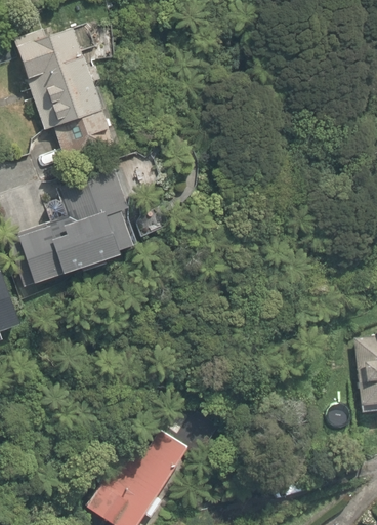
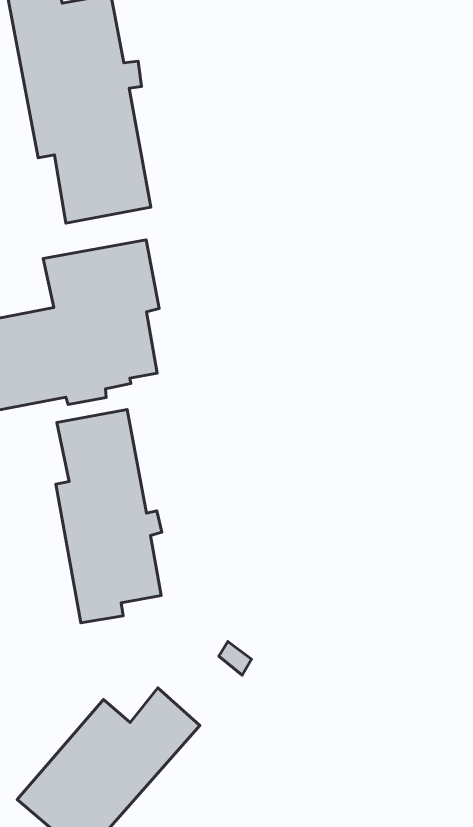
building: none -> [56,410,162,623]

